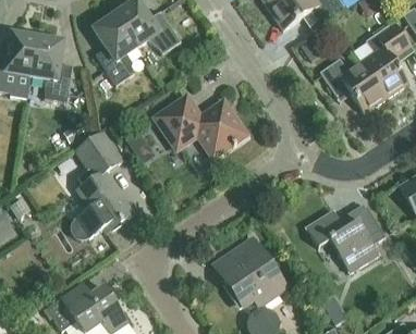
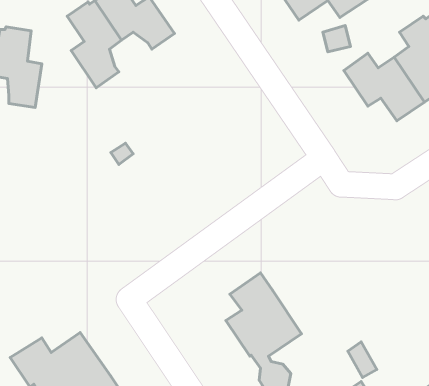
building: [156,96,245,156] -> none
building: [71,132,134,237] -> none
building: [306,205,386,272] -> none

